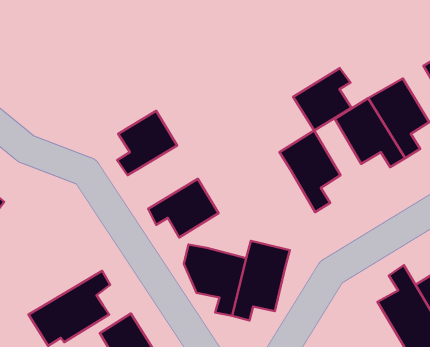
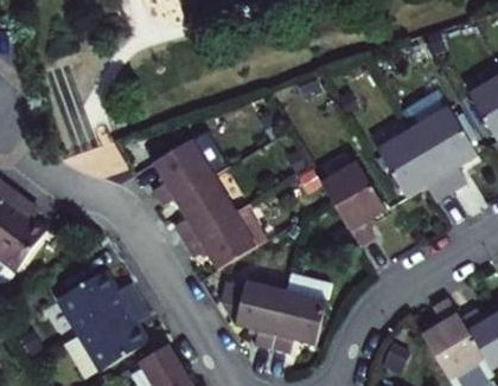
building: [293,68,351,130] -> none
building: none -> [175,174,237,239]
building: none -> [57,277,139,340]

